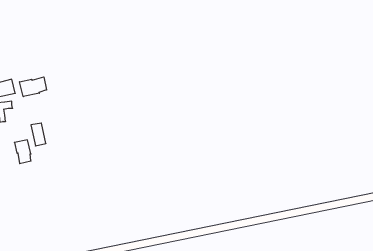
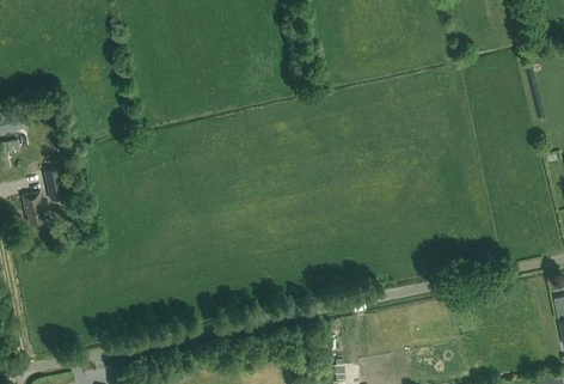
building: [20,77,47,97] -> none

